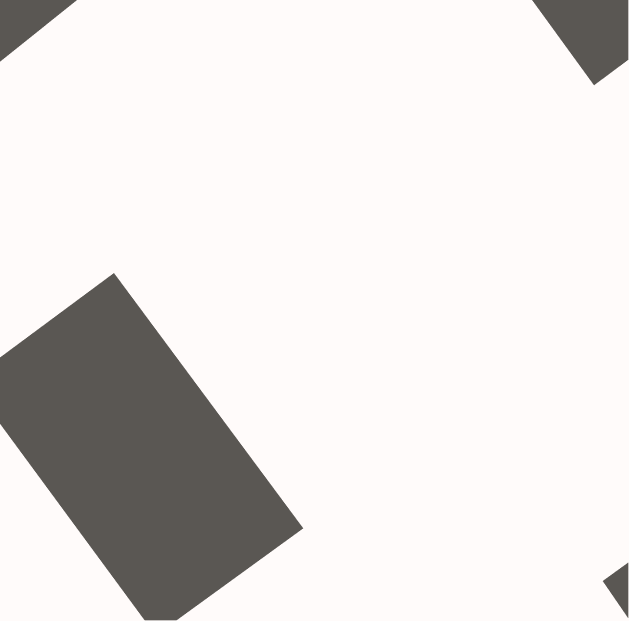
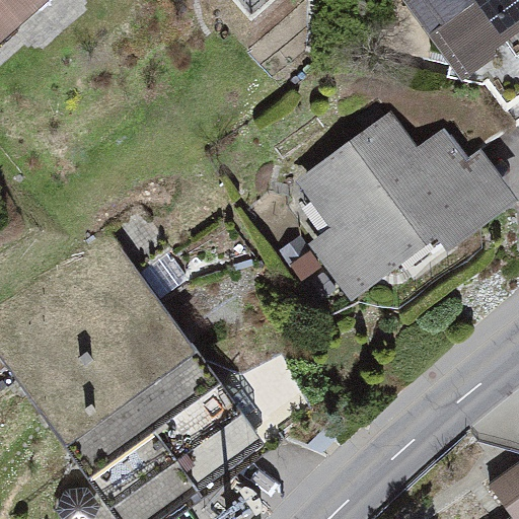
building: none -> [314,117,491,291]

